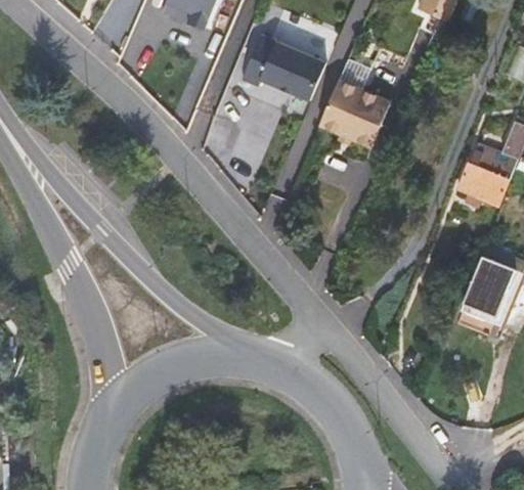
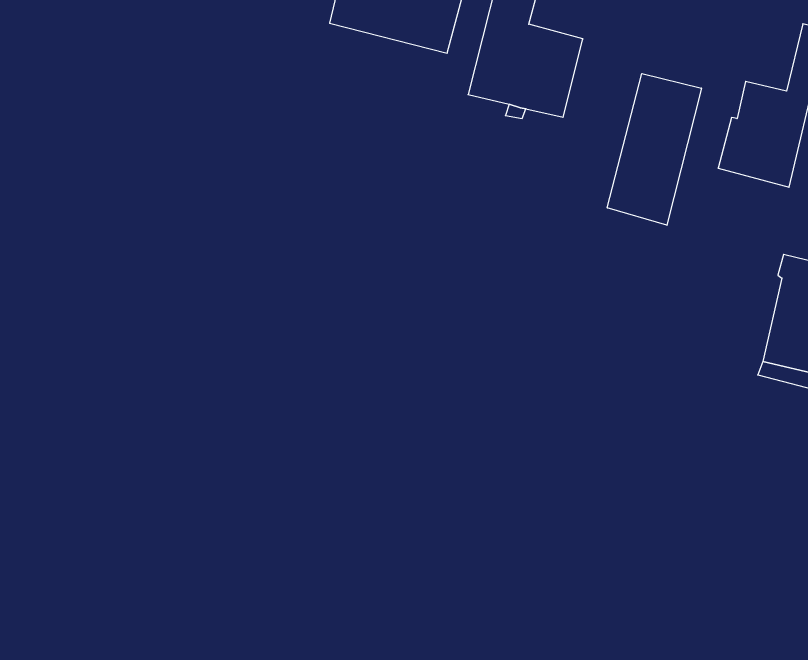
building: none -> [607,74,701,225]

